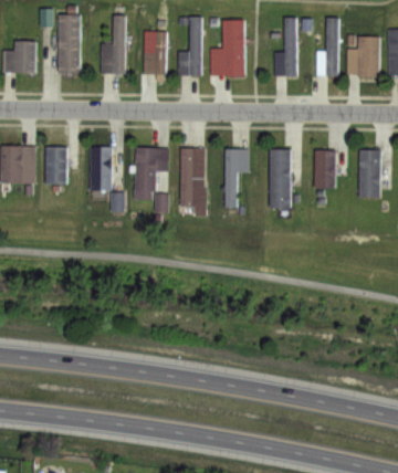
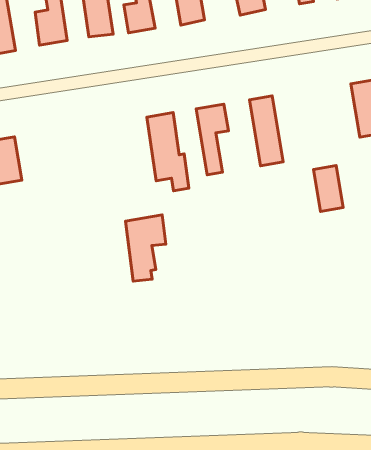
building: [90,146,113,190] -> none
building: [135,147,169,200] -> [126,215,166,281]
building: [315,150,335,187] -> [313,166,343,211]

